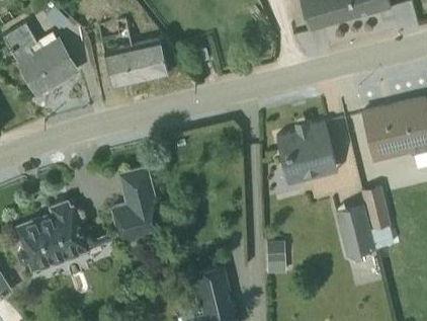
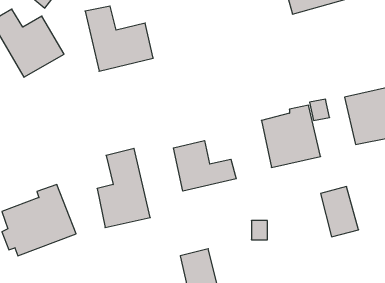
building: none -> [173,141,236,191]
building: [359,186,395,247] -> none

